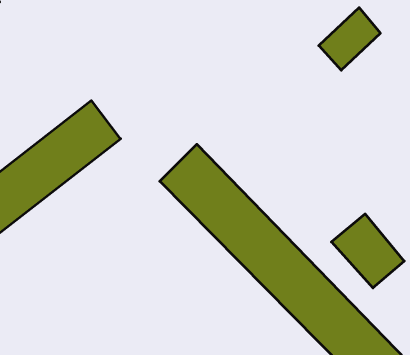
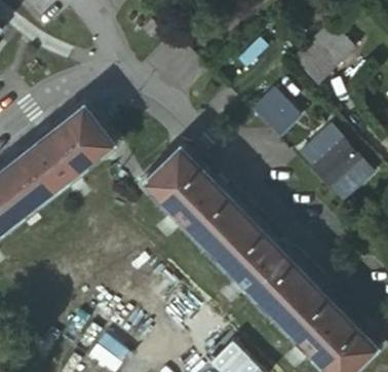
building: none -> [256,90,301,136]
building: [331,214,404,288] -> [304,132,371,199]

